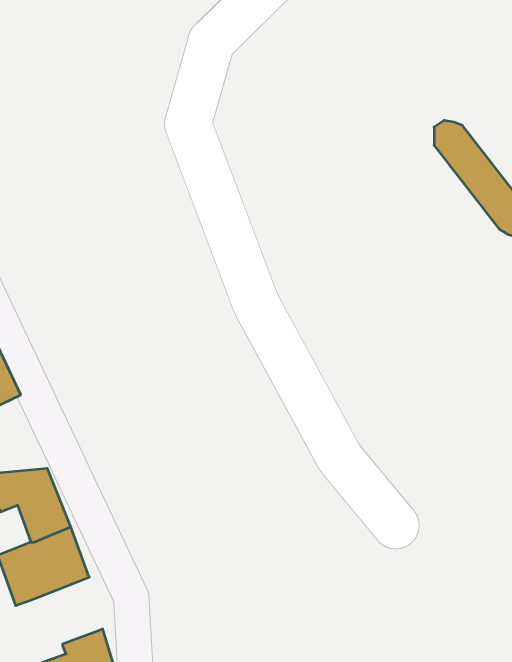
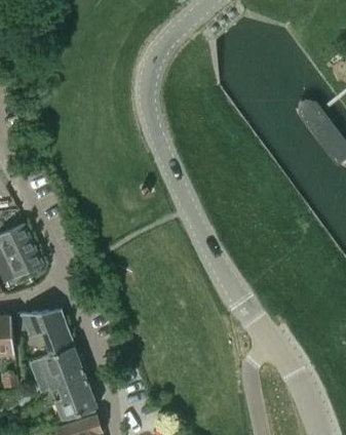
building: none -> [51,378,97,422]

